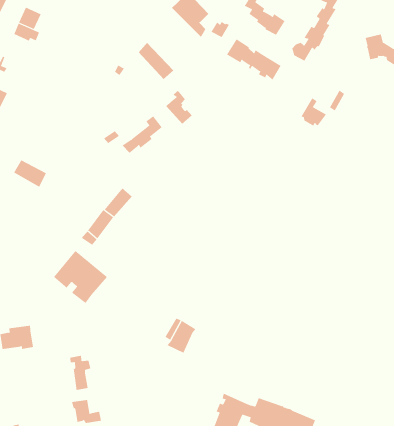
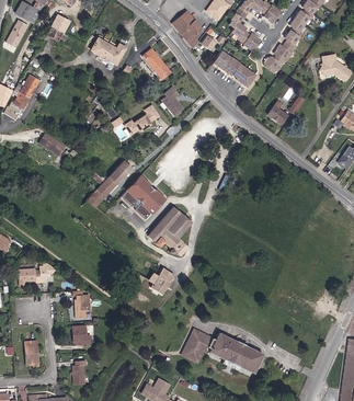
building: none -> [91,35,126,65]
building: none -> [148,206,192,256]
building: [53,250,108,304] -> [122,176,164,219]

